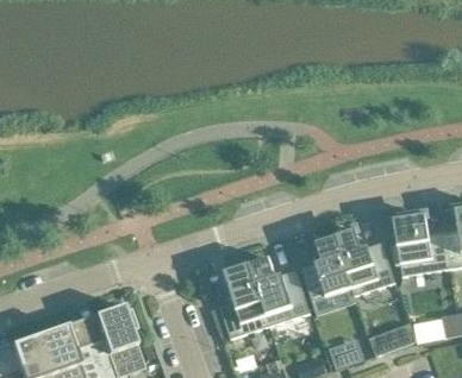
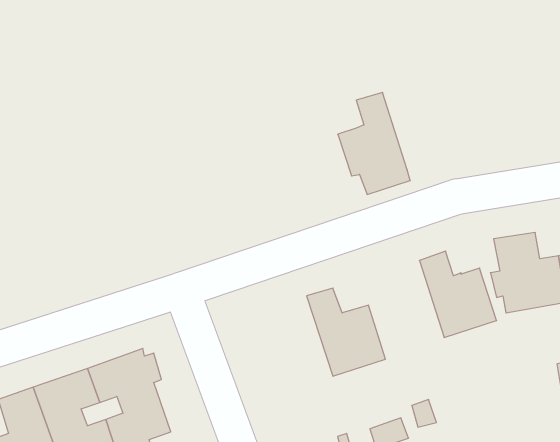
building: [301,235,357,314] -> [338,92,410,194]
building: [220,263,269,338] -> none
building: [369,323,417,355] -> none

